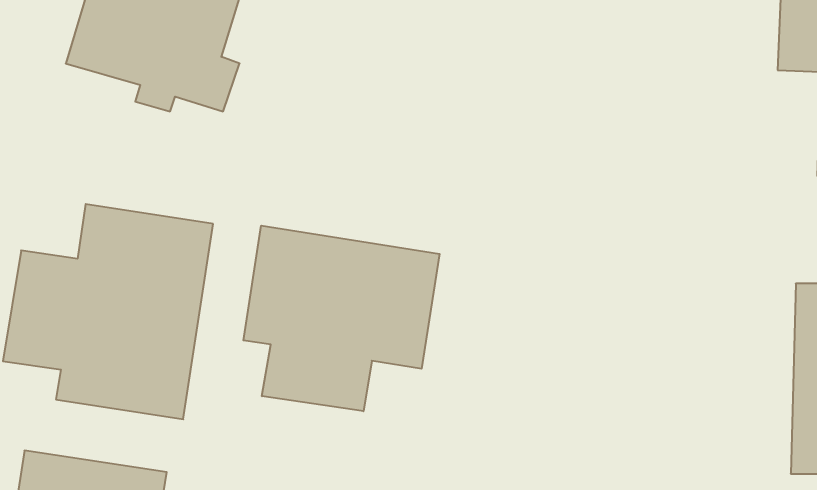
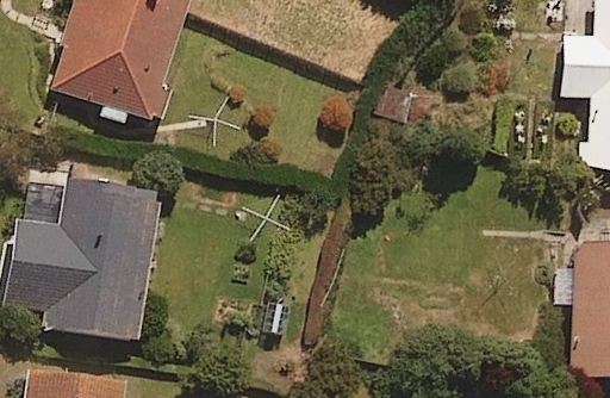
building: [243,226,440,411] -> none

